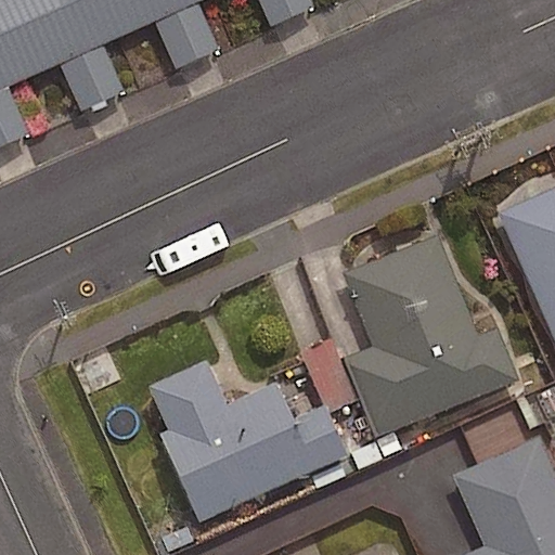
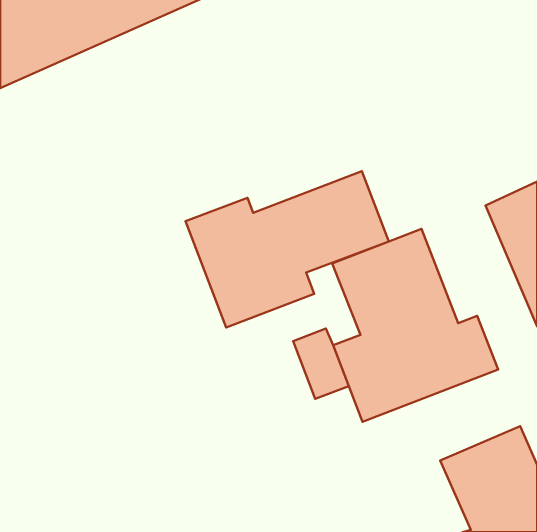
building: none -> [186,171,389,328]
building: [150,363,343,520] -> none

